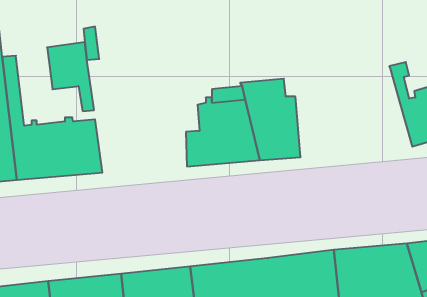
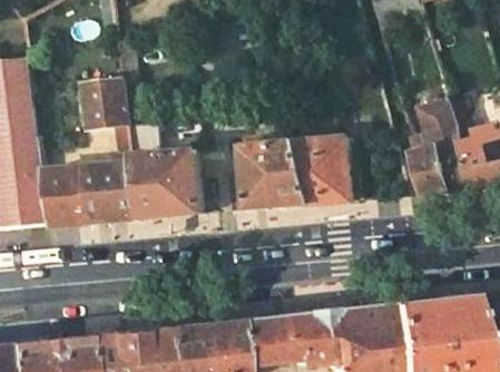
building: none -> [410,109,470,197]
building: none -> [130,151,200,221]

